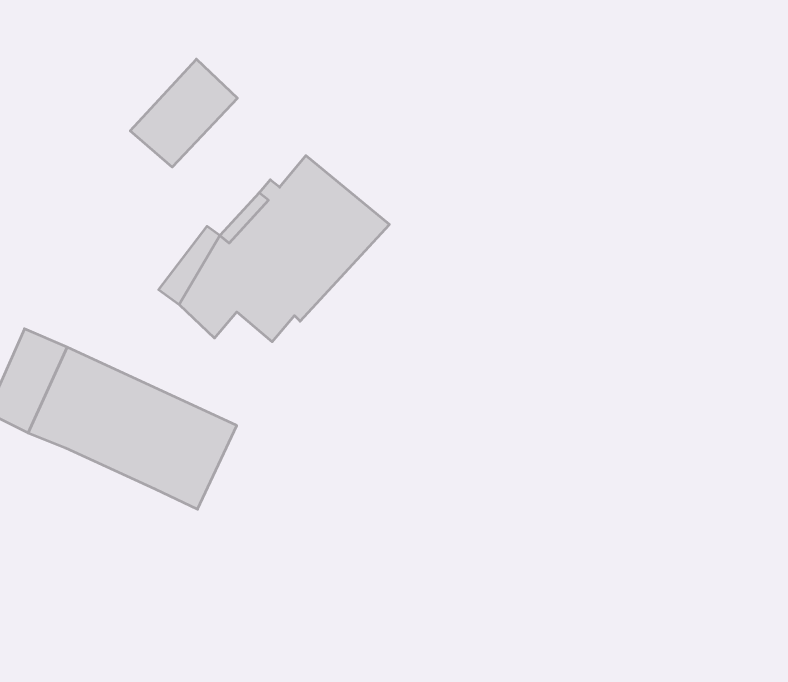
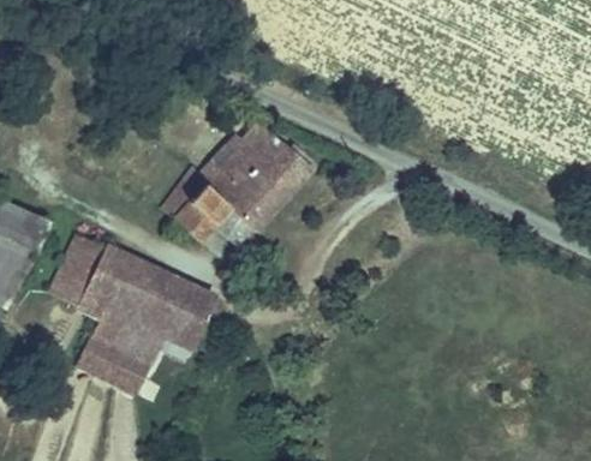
building: [130,59,237,167] -> none
building: none -> [78,310,161,391]

